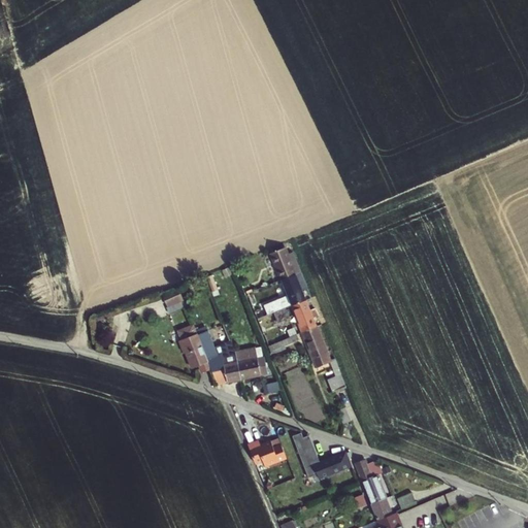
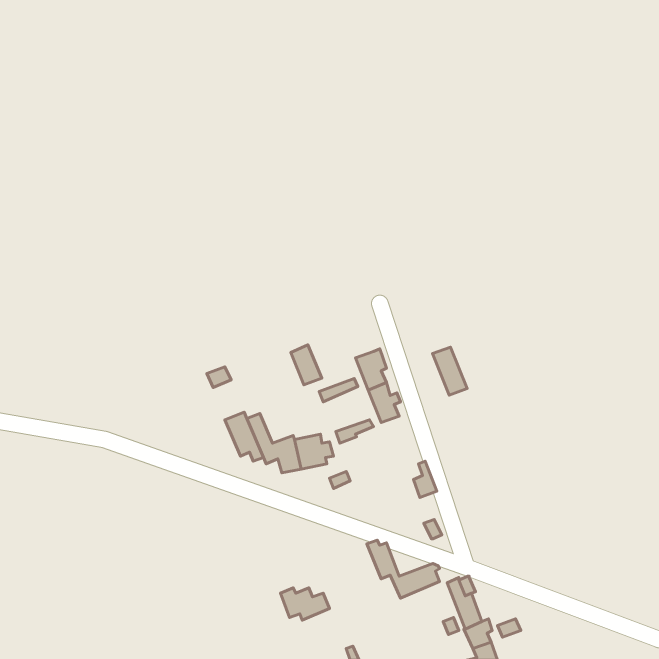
building: [273,255,298,287] -> [291,345,322,385]
building: [304,333,332,371] -> [432,347,467,395]
building: [246,441,286,467] -> [280,588,329,620]

